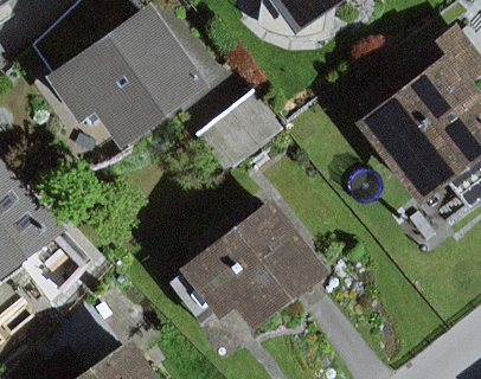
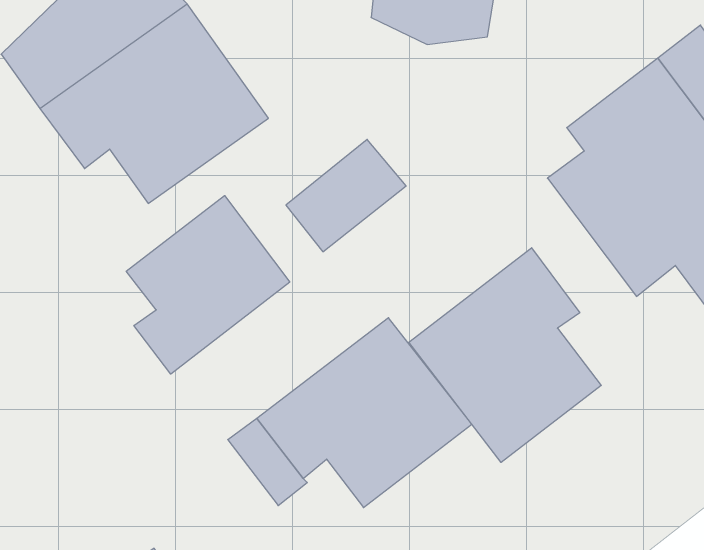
building: none -> [126,196,290,374]
building: none -> [409,248,601,462]

